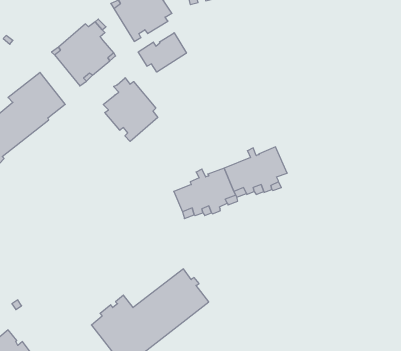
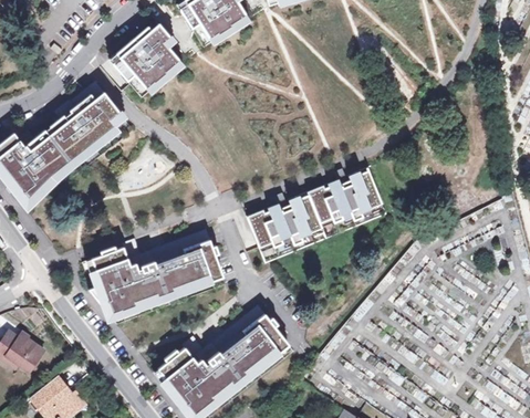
building: [138,33,186,72] -> none
building: [103,78,158,141] -> none
building: none -> [87,232,222,317]

